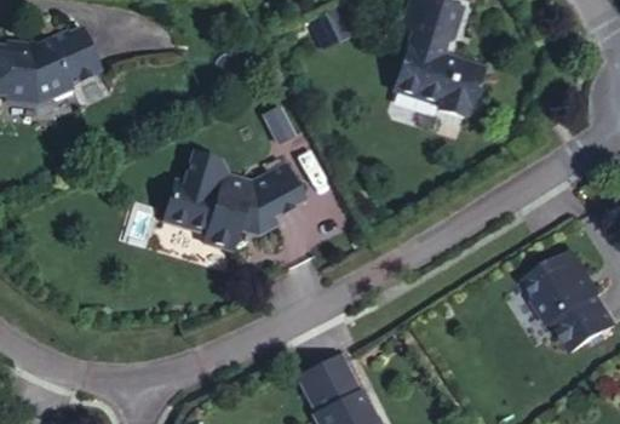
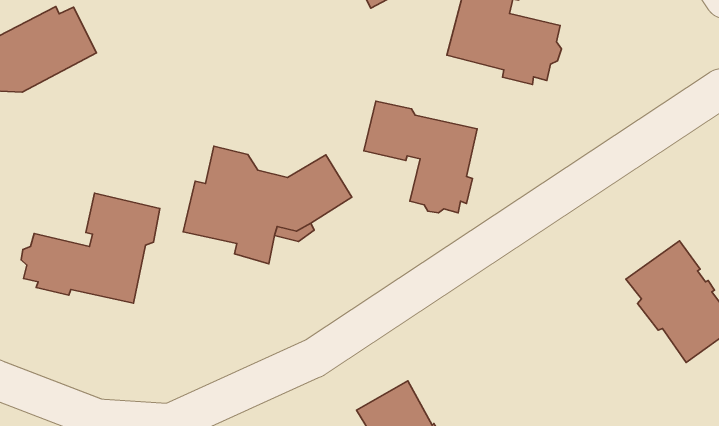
building: none -> [364,101,477,213]
building: none -> [21,193,160,303]

